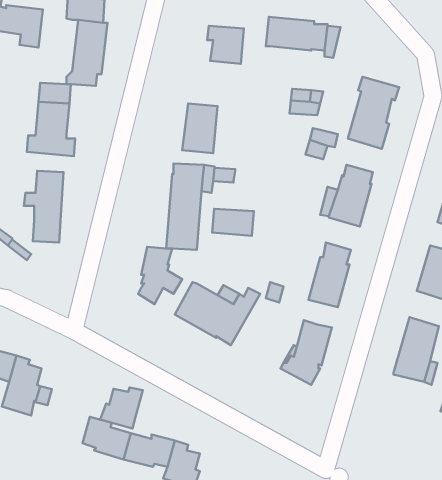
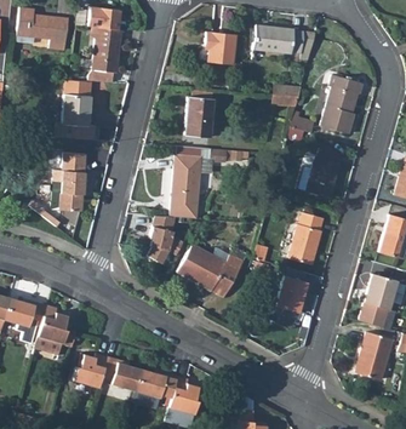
building: [212,209,254,236] -> none
building: [100,387,143,428] -> [73,354,108,388]
building: none -> [355,332,393,381]

